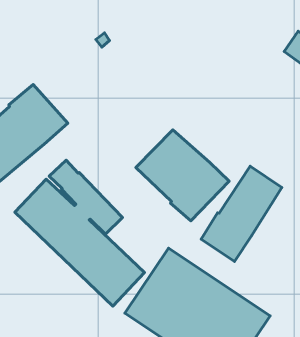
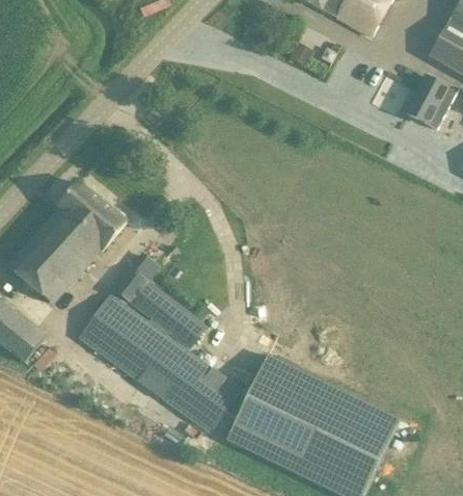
building: [136,130,229,221] -> none
building: [201,166,282,262] -> none

